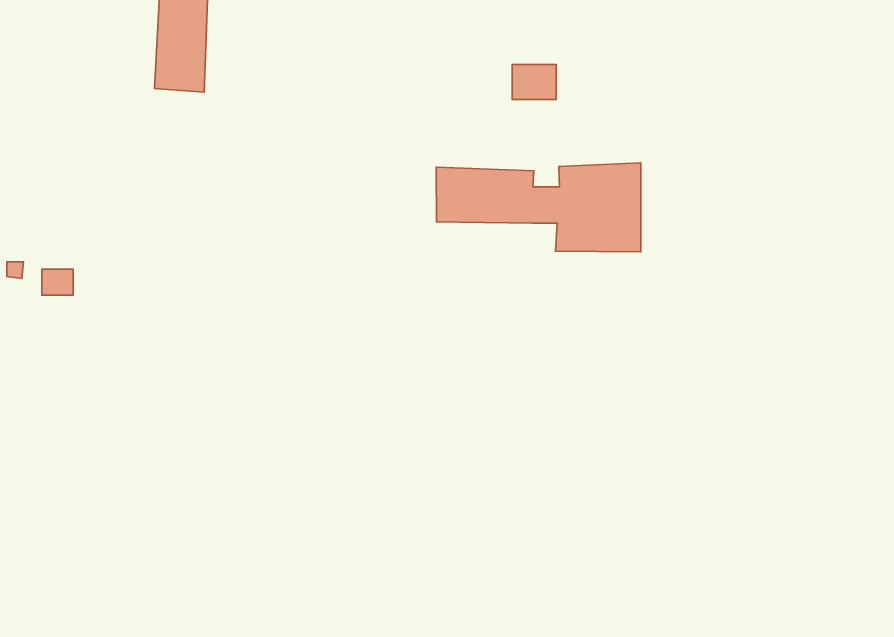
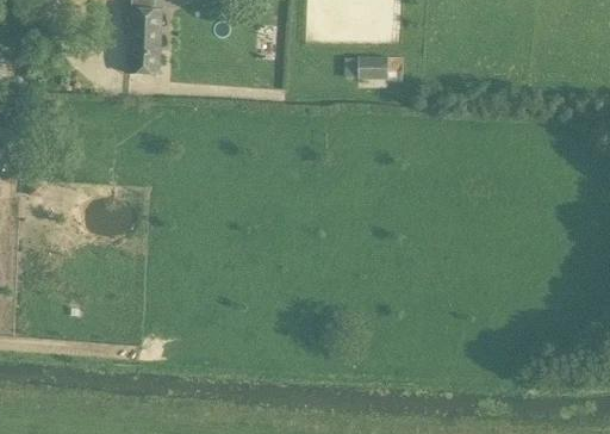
building: [436,163,641,252] -> none

